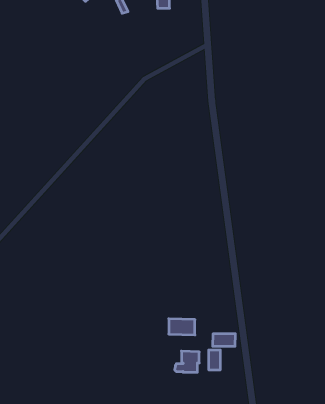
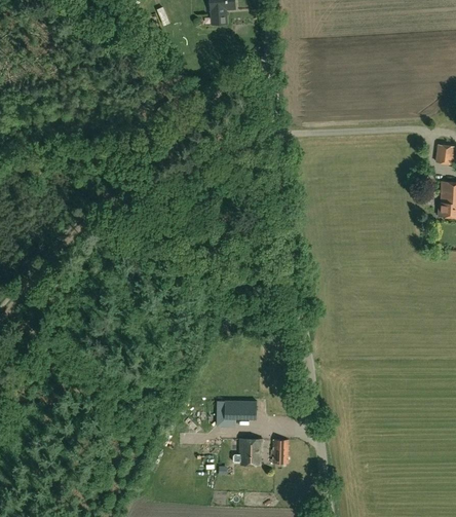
building: [213,334,235,346] -> none

